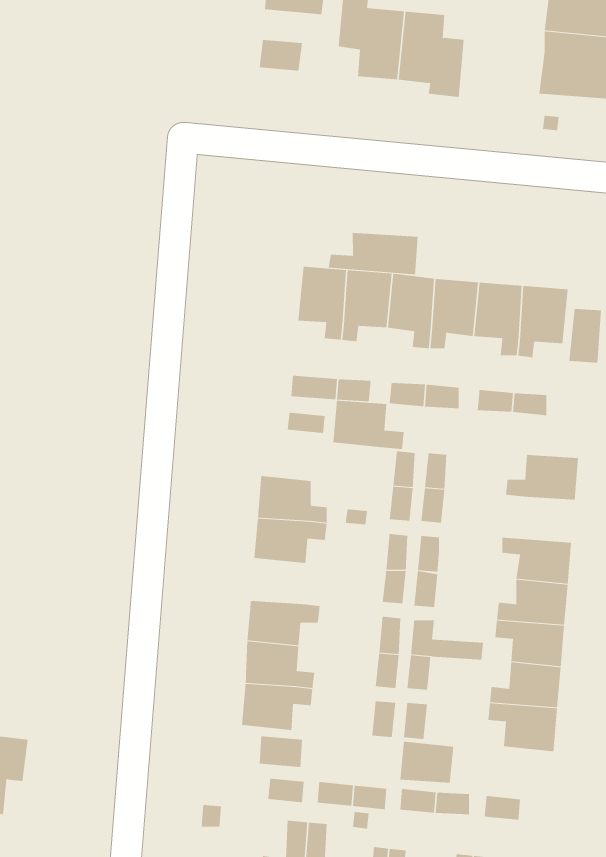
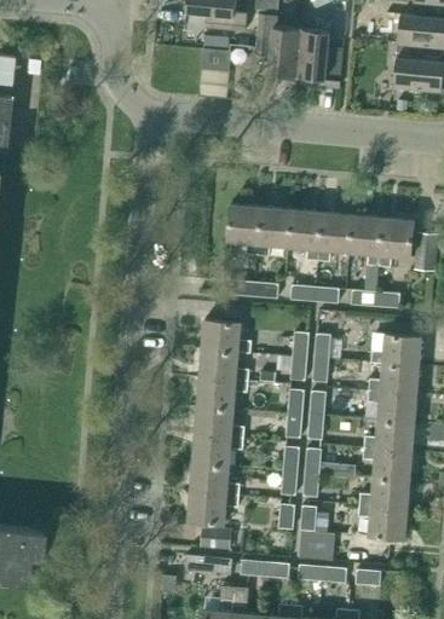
building: [328,232,418,275] -> none
building: [332,400,405,450] -> [202,319,252,353]
building: none -> [368,363,419,394]
building: none -> [195,405,244,438]

